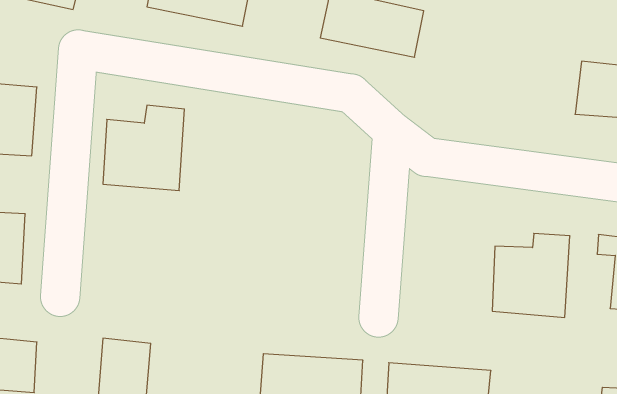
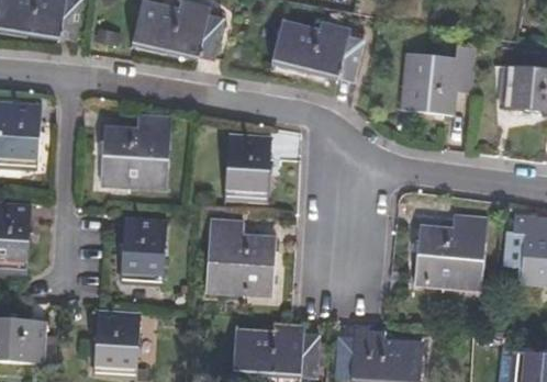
building: none -> [401,53,472,121]
building: none -> [225,142,270,202]
building: none -> [124,218,168,281]
building: none -> [203,224,272,301]

